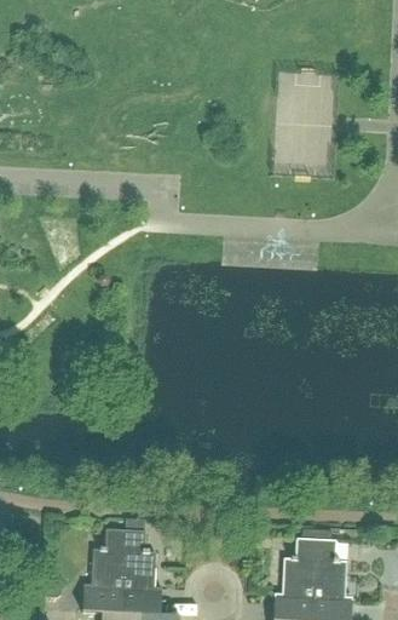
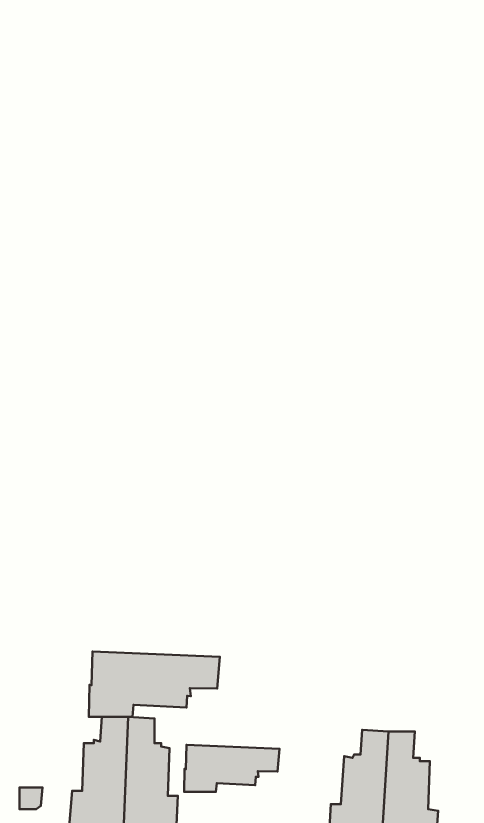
building: none -> [89,651,220,717]
building: none -> [184,745,280,792]

